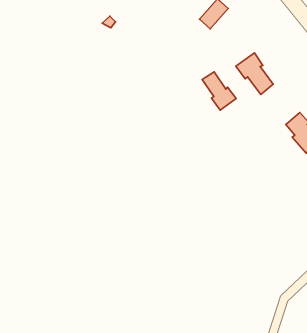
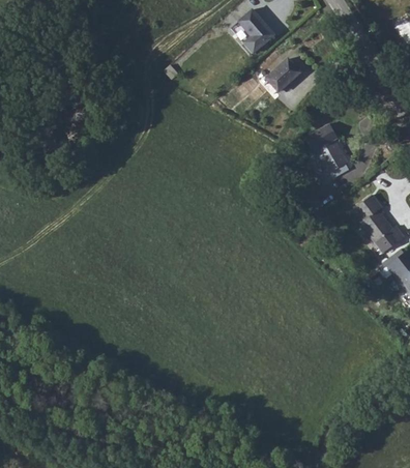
building: [202,72,236,110] -> none

